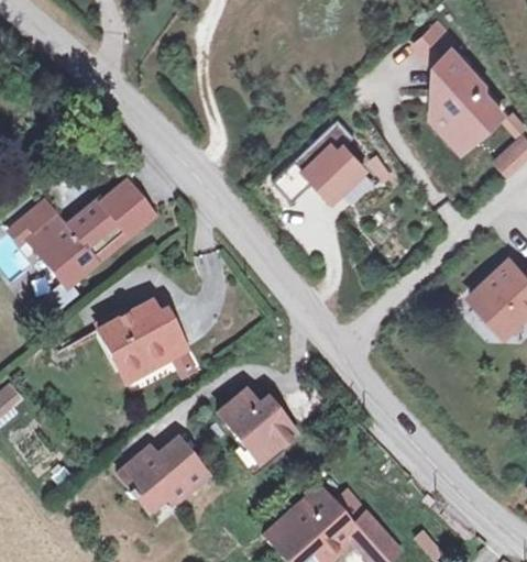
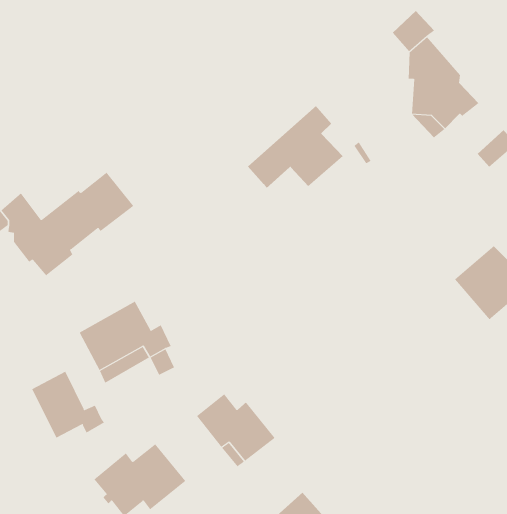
building: none -> [31,371,105,438]

